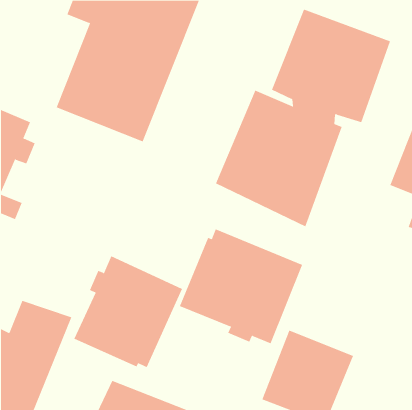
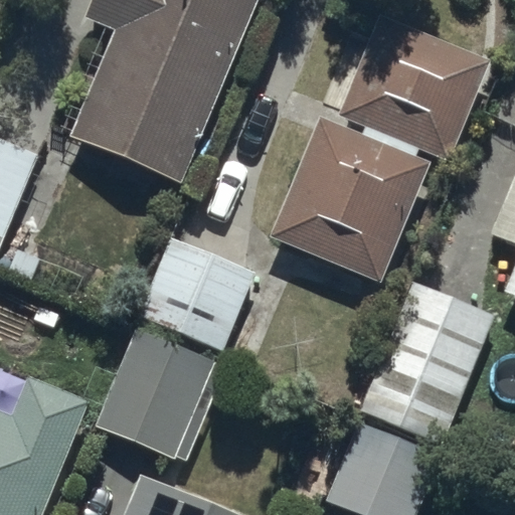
building: none -> [139,237,256,353]
building: none -> [360,281,492,436]
building: [179,229,303,344] -> none

